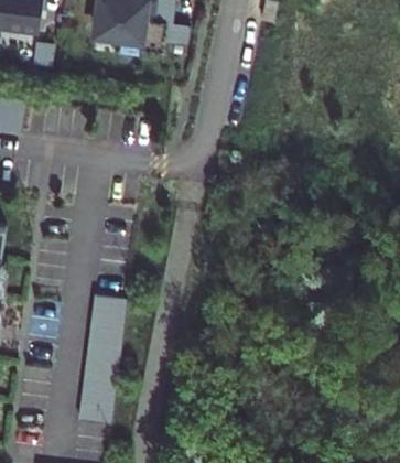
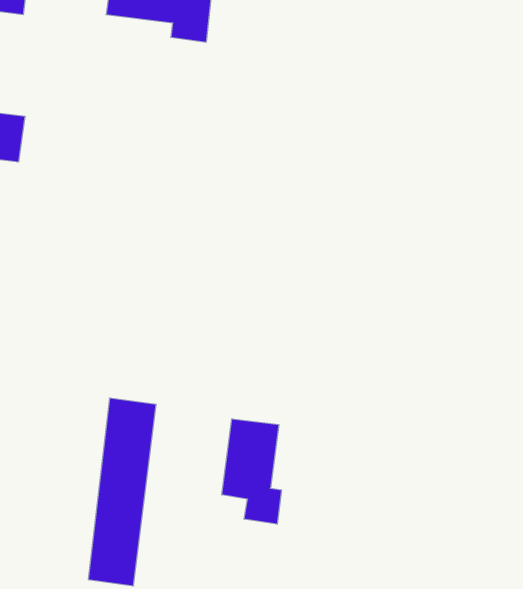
building: none -> [222,419,281,524]

